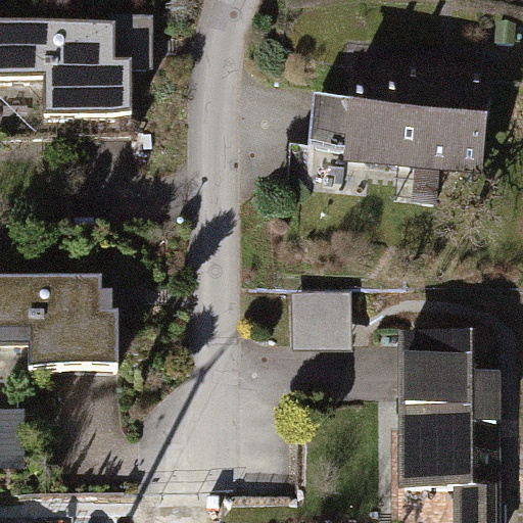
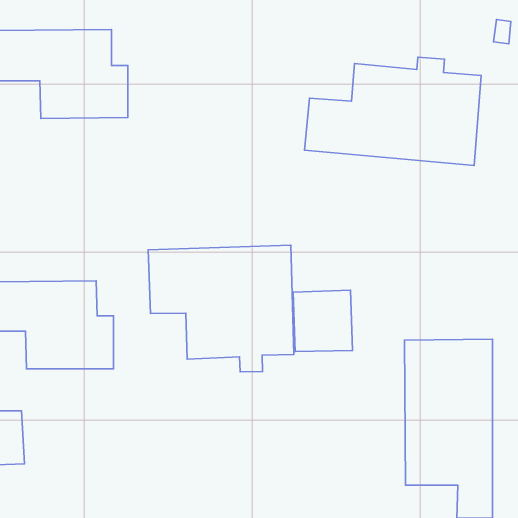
building: none -> [148,245,294,372]

